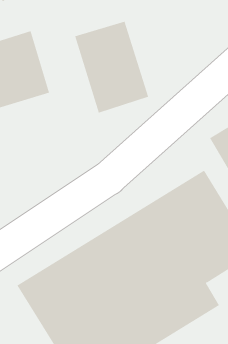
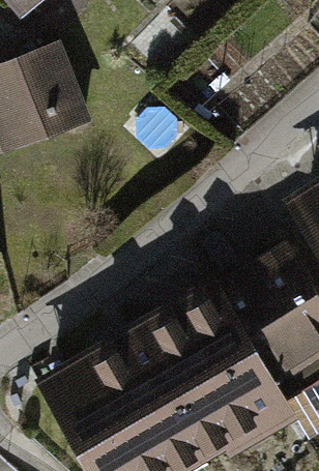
building: [74,21,149,114] -> none

